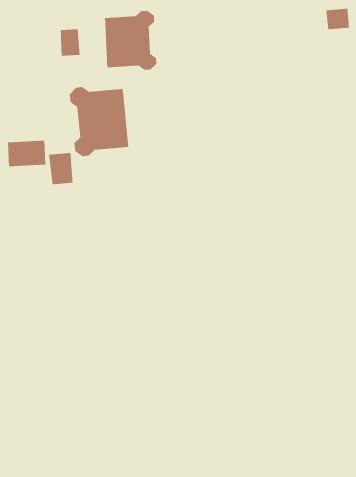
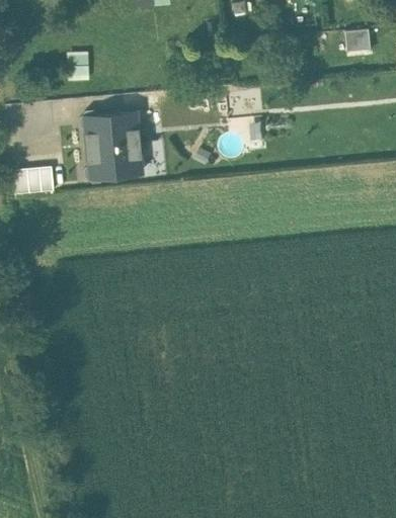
building: [104,10,157,70] -> none
building: [49,152,73,185] -> none

